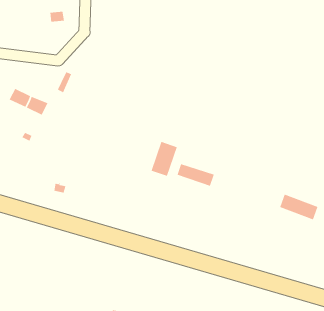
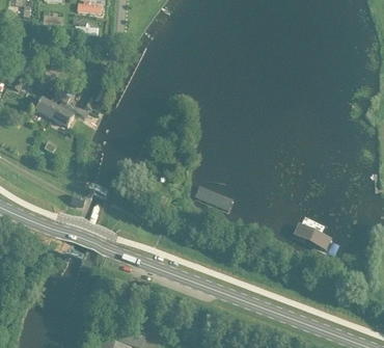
building: [151,141,178,177] -> none

